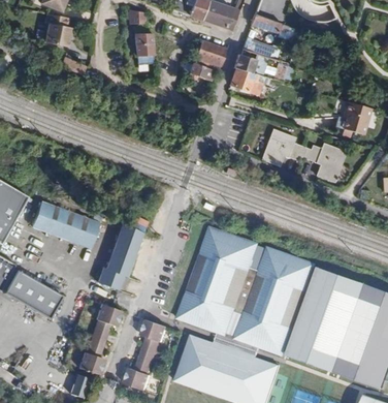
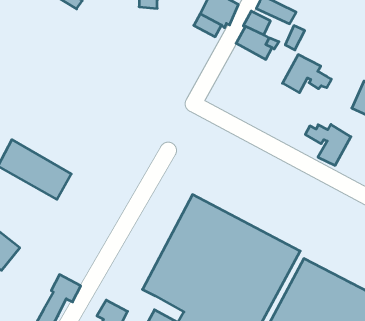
building: [263,130,306,164] -> [282,55,331,93]
building: [97,224,143,289] -> none

